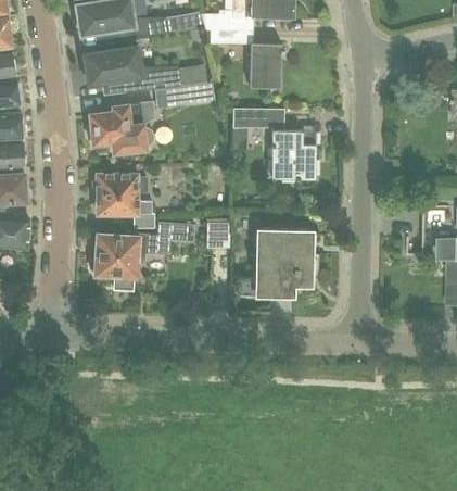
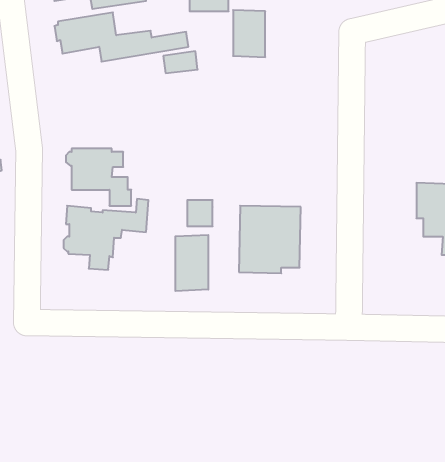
building: [85,102,153,152] -> none
building: [232,109,316,179] -> none
building: none -> [175,235,208,291]

